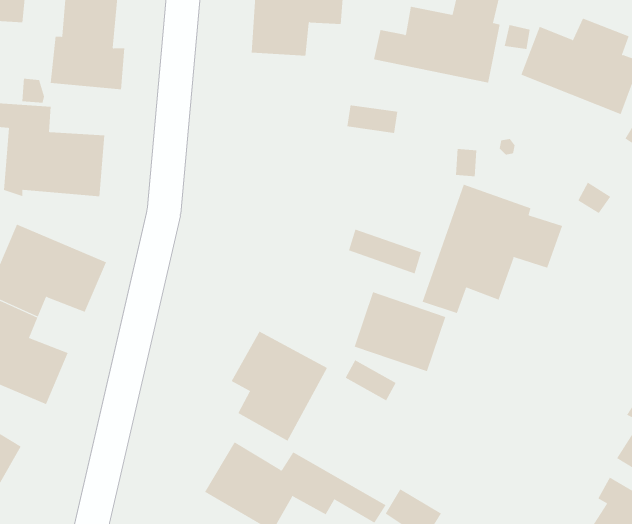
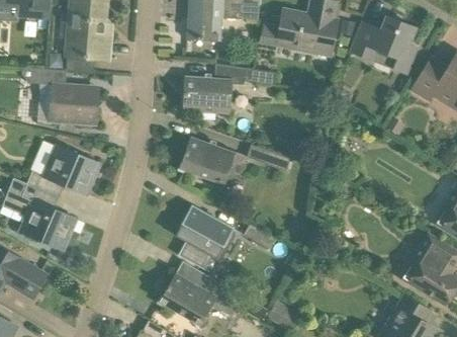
building: none -> [183,75,233,112]
building: [422,184,563,314] -> none
building: [354,292,446,372] -> [180,136,236,184]

